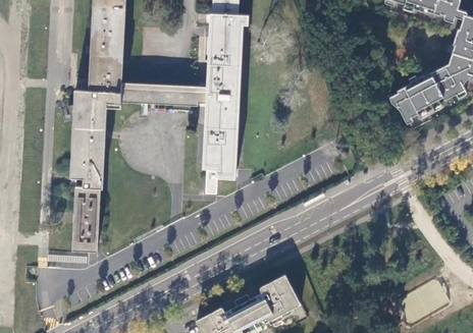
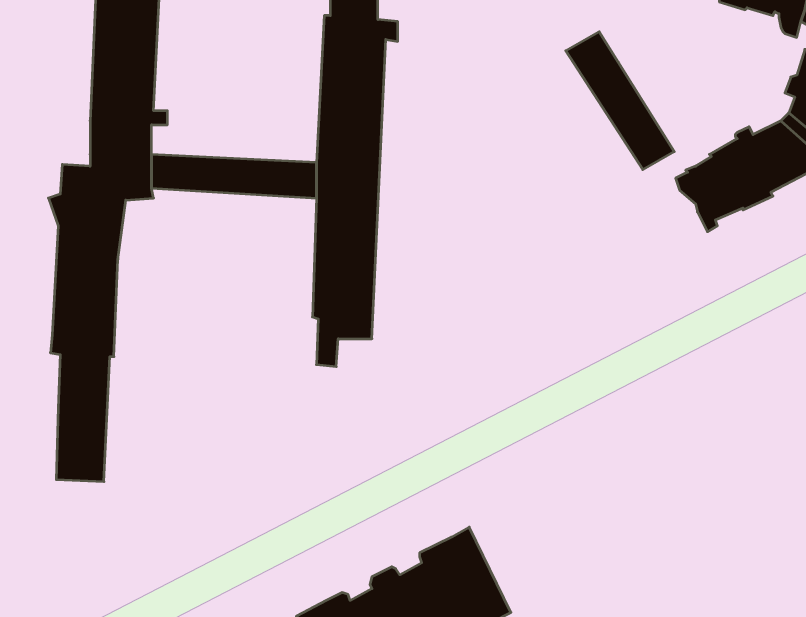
building: none -> [566,32,674,170]

